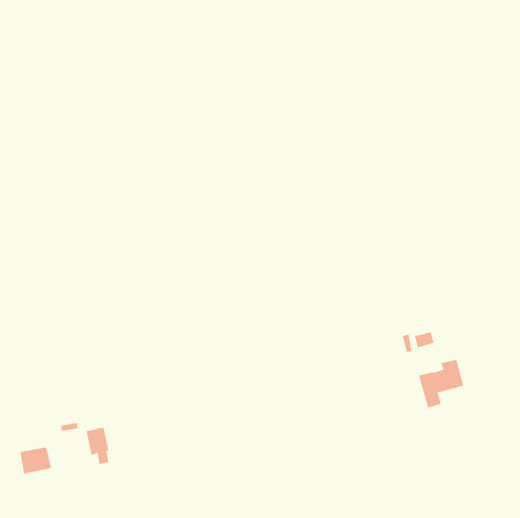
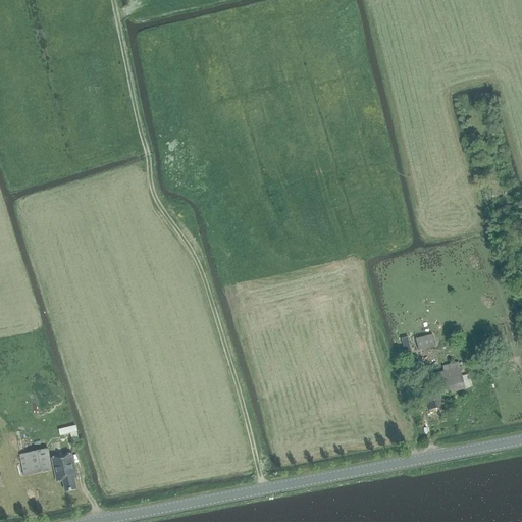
building: [86,427,109,465] -> [52,453,75,490]

